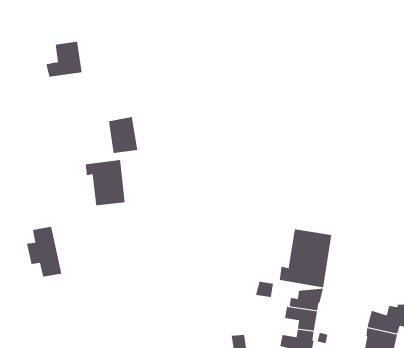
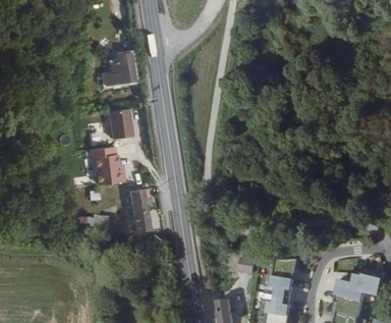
building: [45,41,83,77] -> [95,57,127,89]
building: [26,226,62,277] -> [118,192,150,236]
building: [279,229,332,288] -> none

